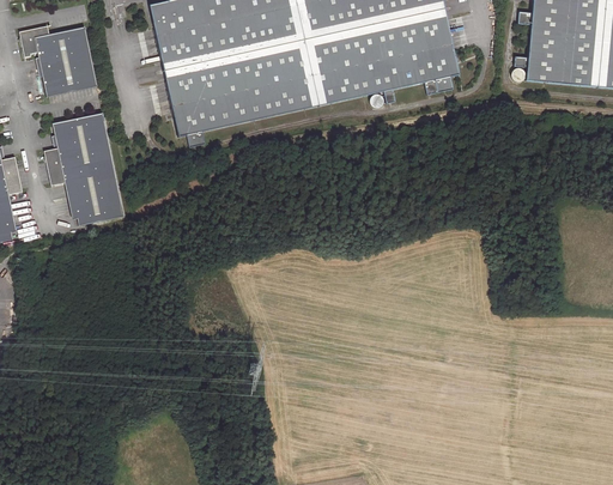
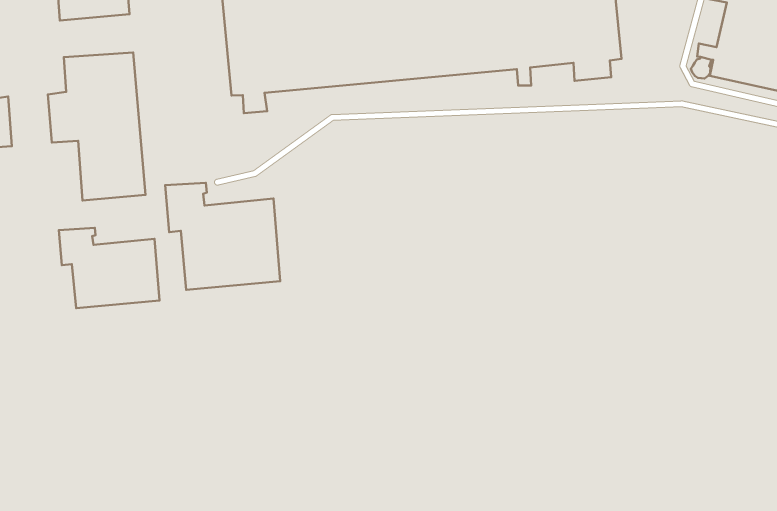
building: none -> [165,183,280,290]
building: none -> [59,228,159,308]

